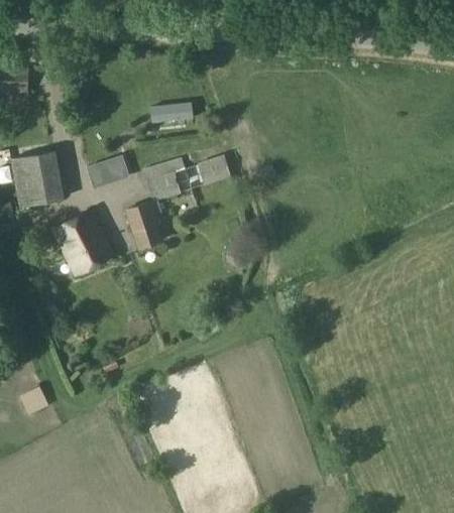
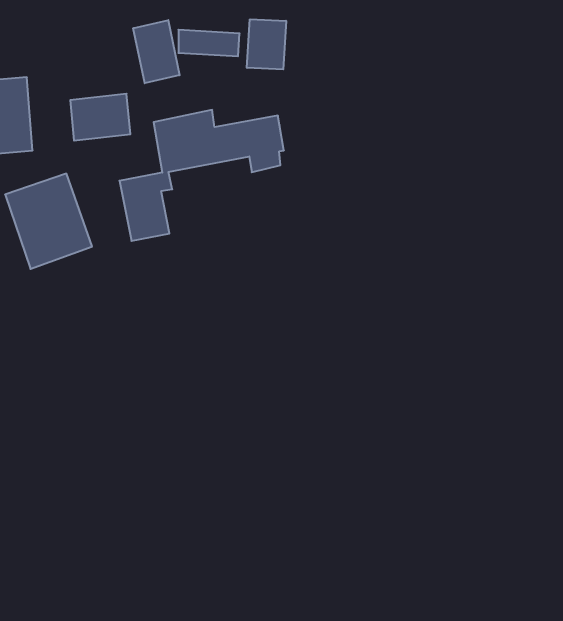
building: none -> [247,19,286,69]
building: none -> [133,20,180,83]

